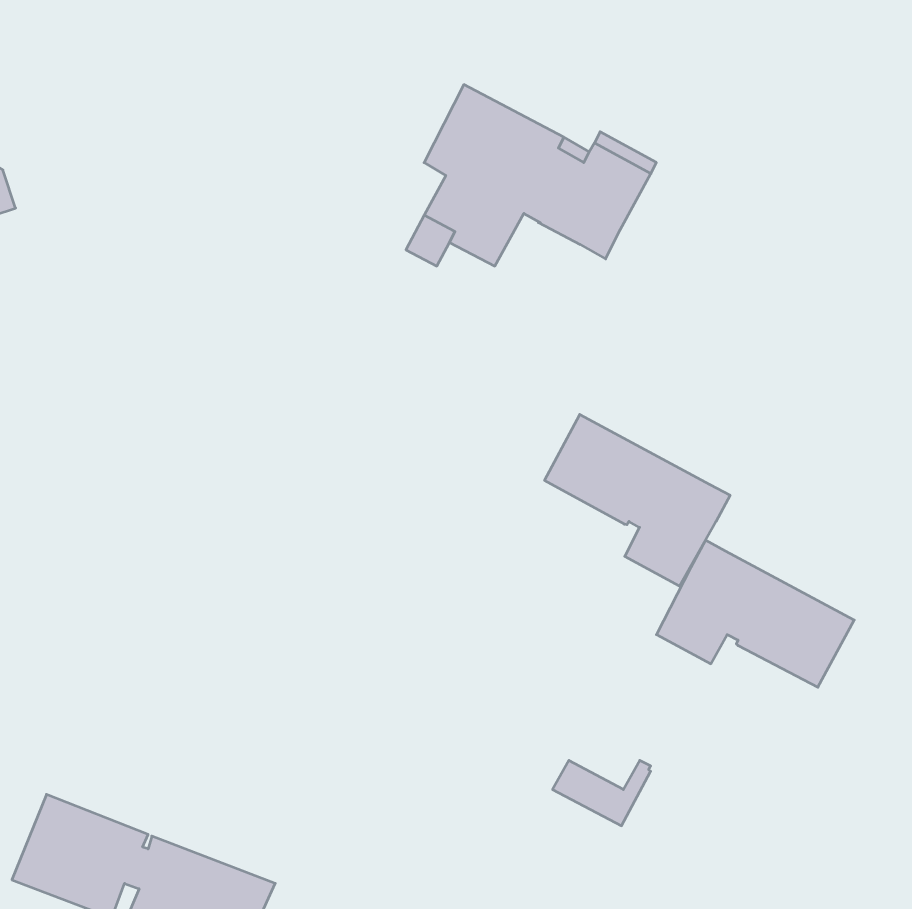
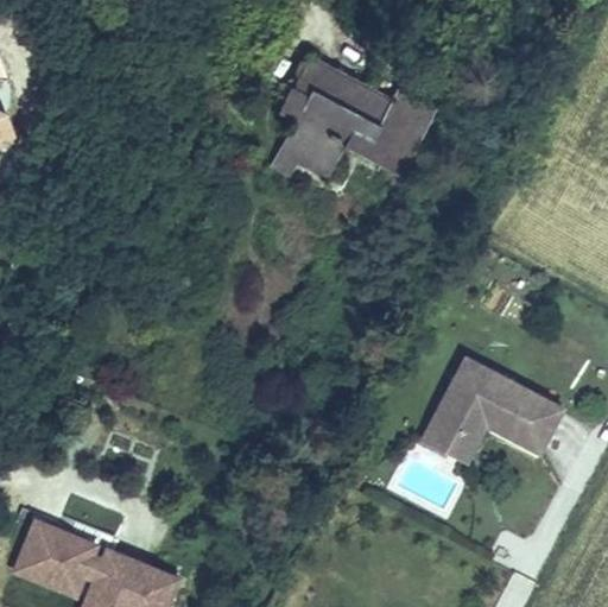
building: [545,414,730,586] -> none
building: [553,760,651,826] -> [423,417,487,460]

